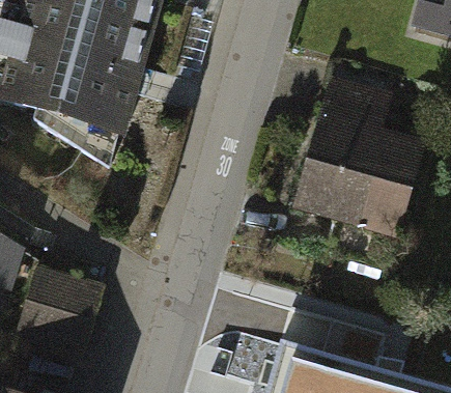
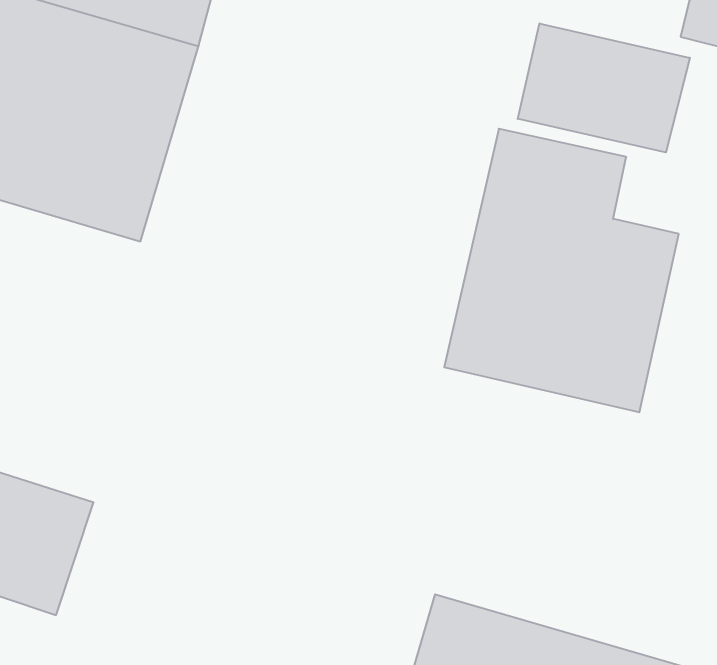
building: none -> [518,23,690,152]

